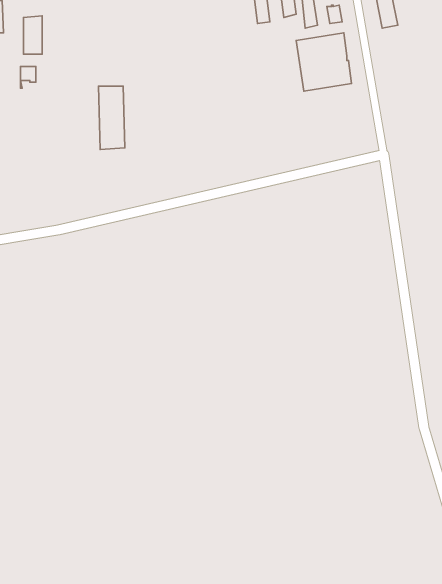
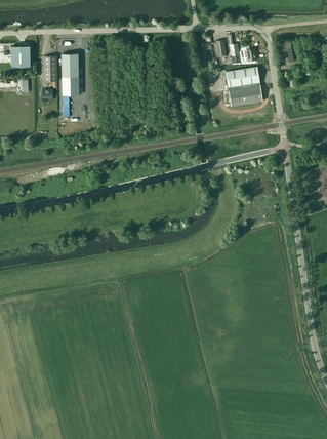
building: [99,86,125,149] -> [62,54,79,96]

